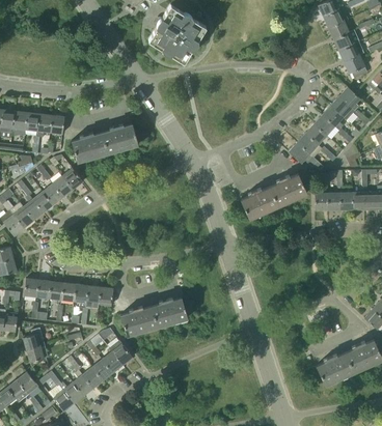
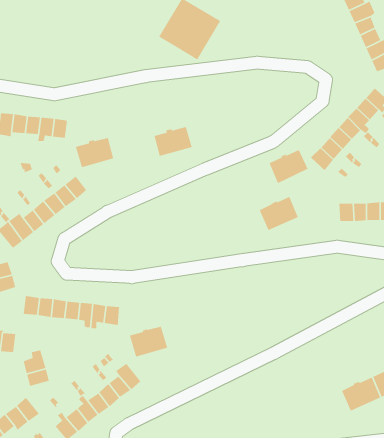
building: [102,123,138,152] -> [153,125,193,157]
building: [269,173,306,206] -> [268,148,309,184]
building: [151,296,187,326] -> none

